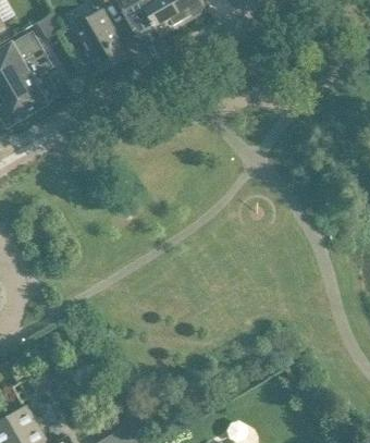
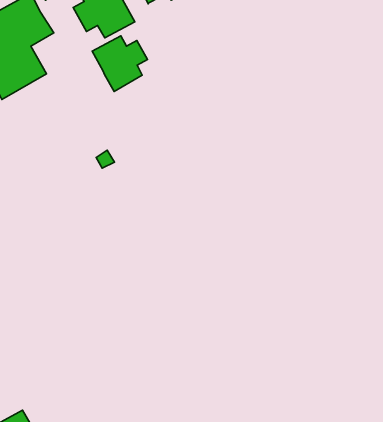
building: none -> [92,36,148,92]

